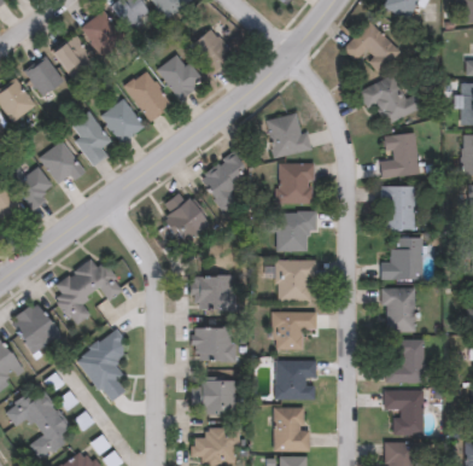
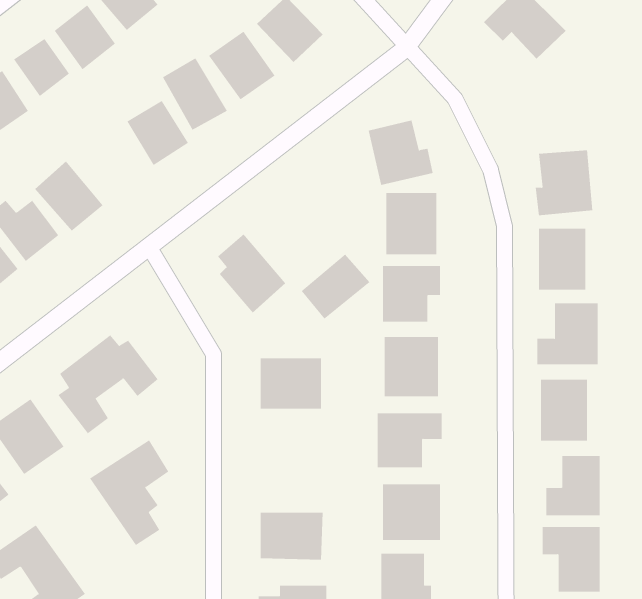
building: [358,75,424,123] -> none
building: [66,111,111,165] -> none
building: [202,153,249,198] -> [301,254,370,319]
building: [192,327,235,362] -> none

